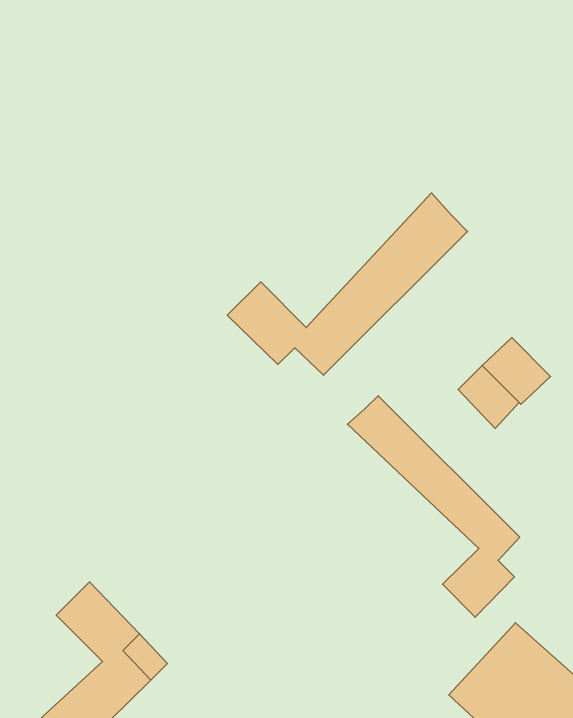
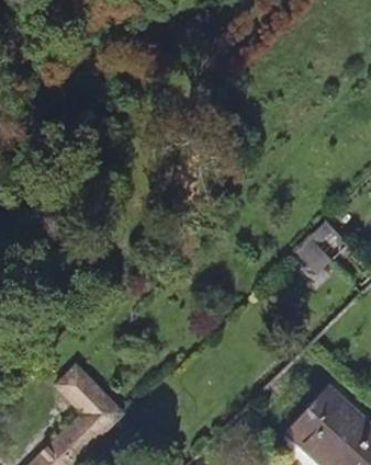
building: [227,193,468,375] -> none
building: [347,396,520,617] -> none

